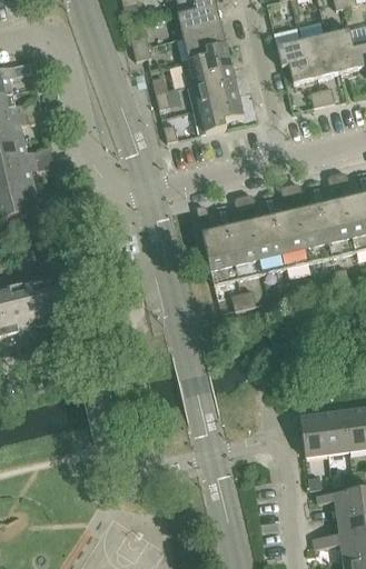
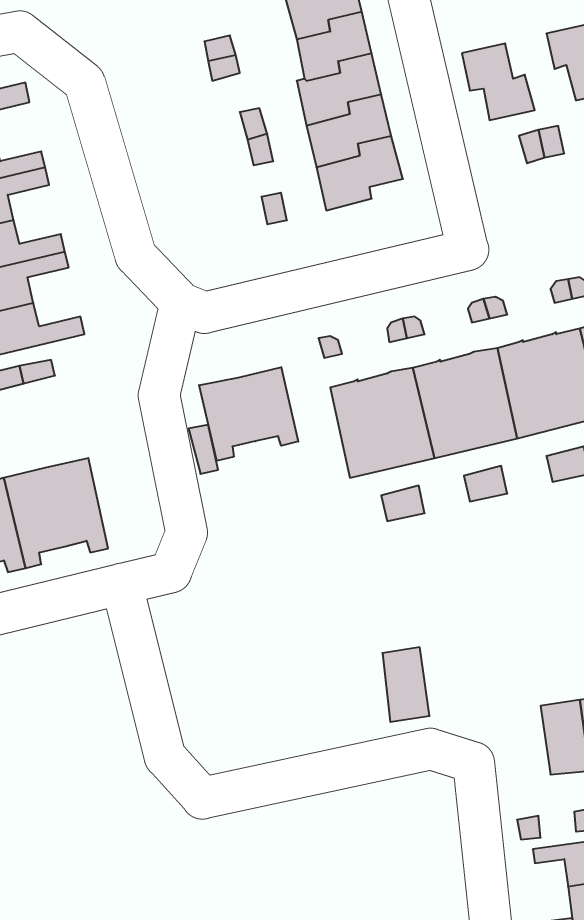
building: [300,32,340,76] -> none
building: none -> [199,367,298,461]
building: [299,412,326,455] -> [382,647,430,722]

